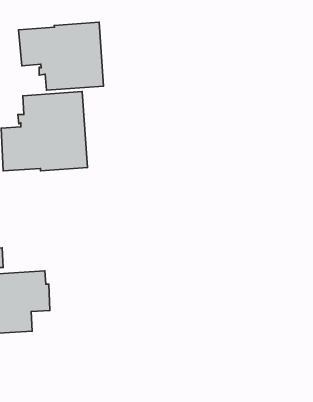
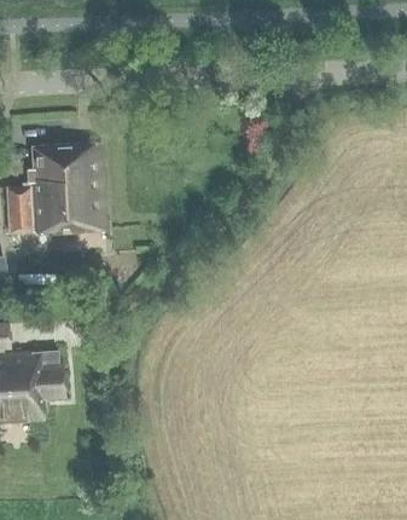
building: [19,22,104,90] -> none

